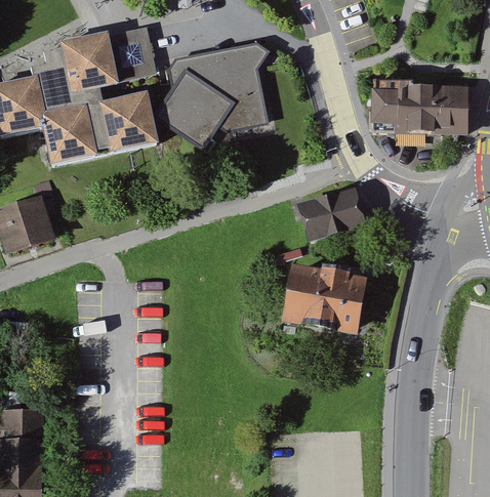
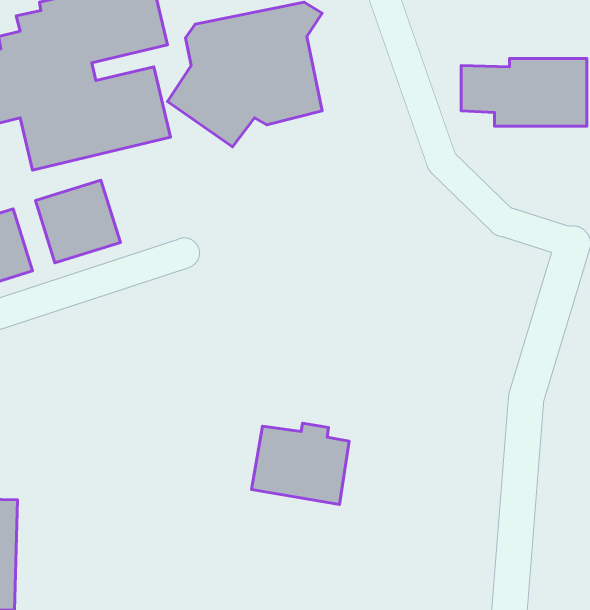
building: none -> [35,180,120,263]
building: [300,192,363,239] -> none
building: [288,270,361,330] -> [251,423,349,505]

